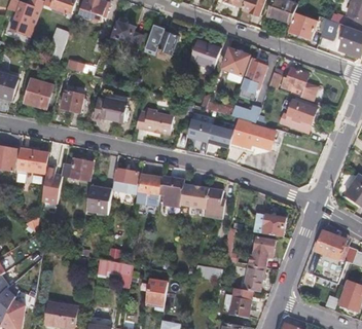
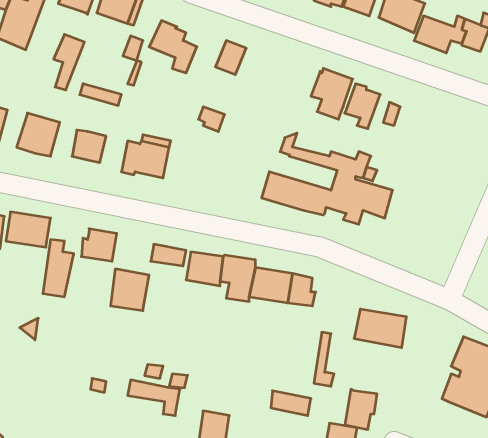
building: [189,40,220,70] -> none
building: [280,68,315,101] -> none
building: [274,99,311,131] -> none
building: [137,109,173,135] -> none
building: [250,235,275,267] -> none

